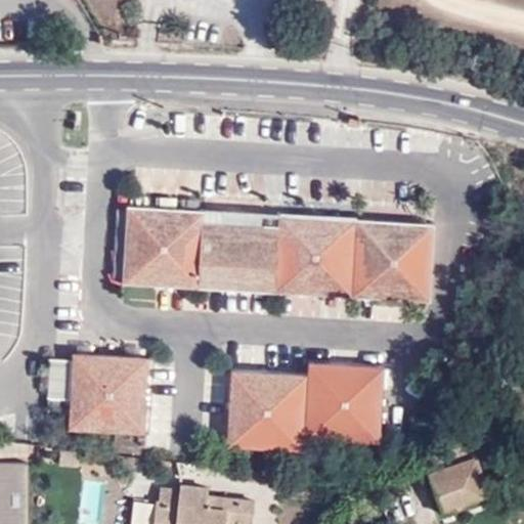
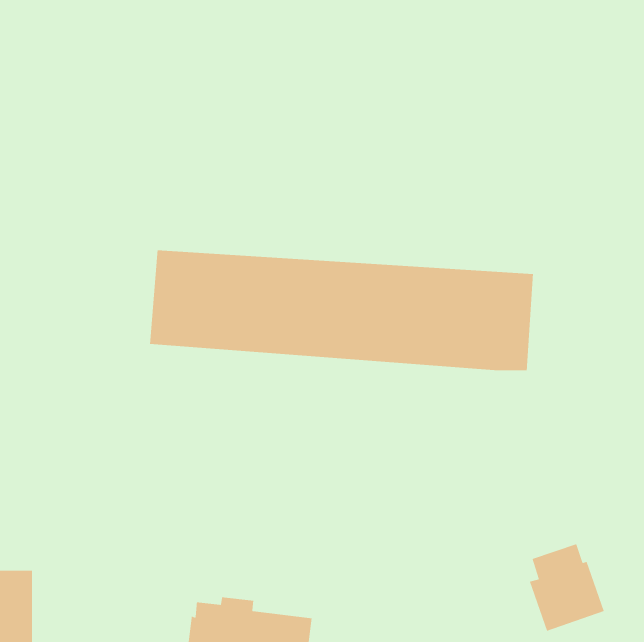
building: [67,354,147,435] -> none
building: [225,364,383,451] -> none

